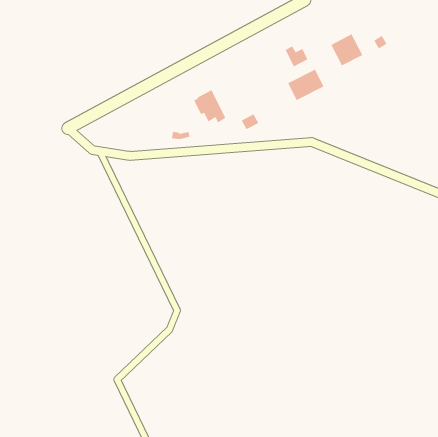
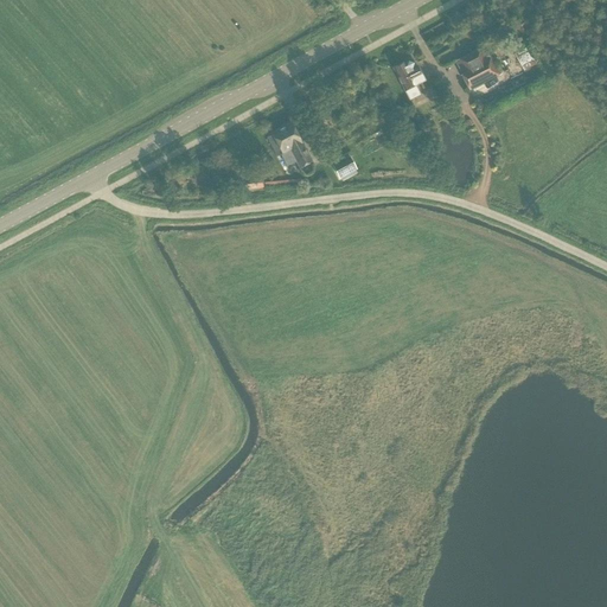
building: [288,69,324,101] -> none

